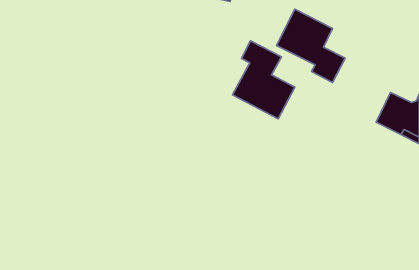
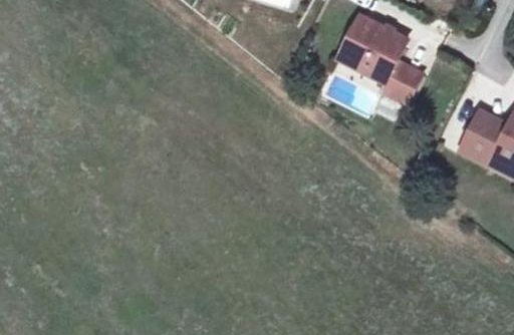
building: [233,41,295,119] -> none

